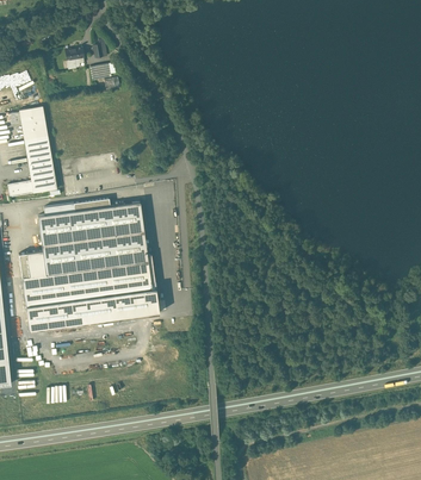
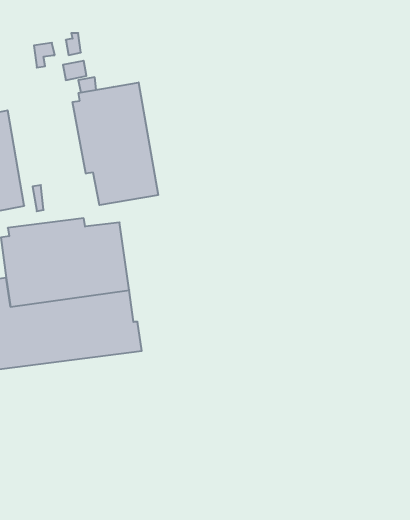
building: none -> [73,82,158,205]

